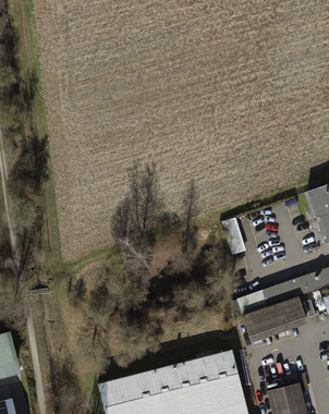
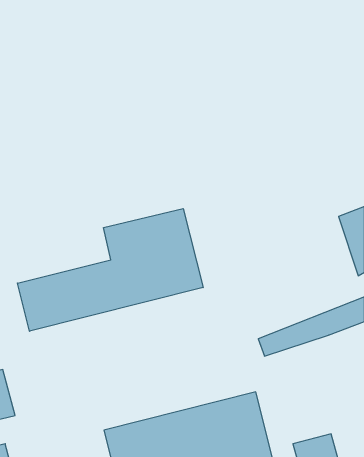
building: none -> [17,209,203,331]
building: [240,299,305,344] -> none

